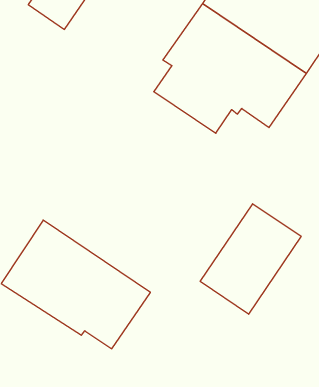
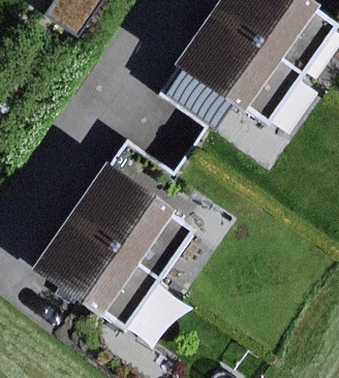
building: none -> [65,162,196,277]
building: [200,204,301,314] -> none

